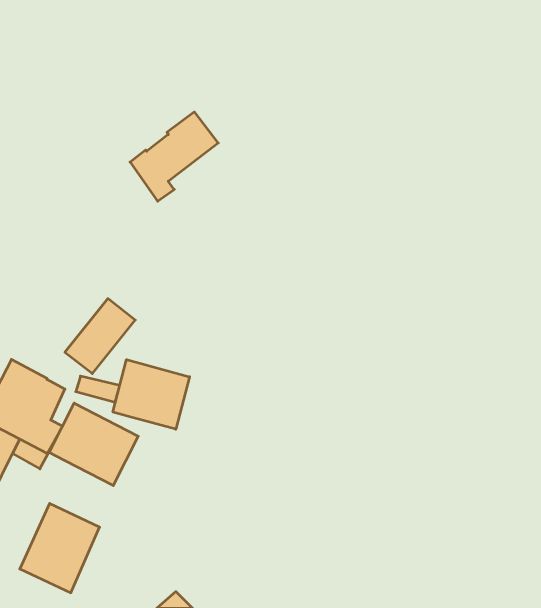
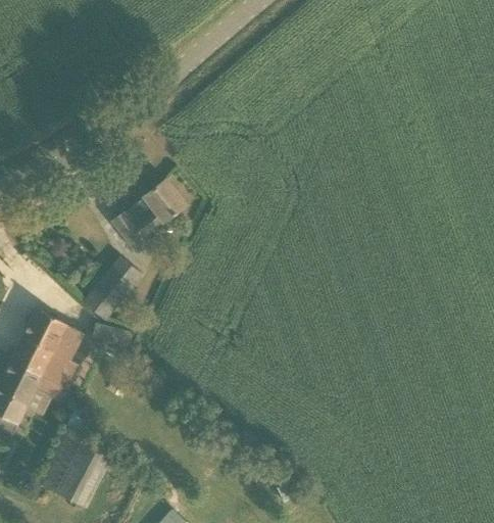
building: [130,112,218,201] -> [110,179,186,255]
building: [113,360,190,429] -> none
building: [49,403,138,486] -> none

